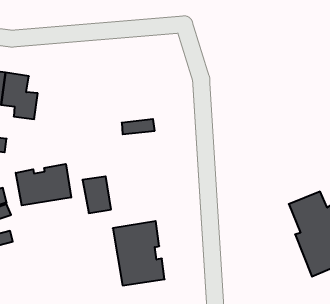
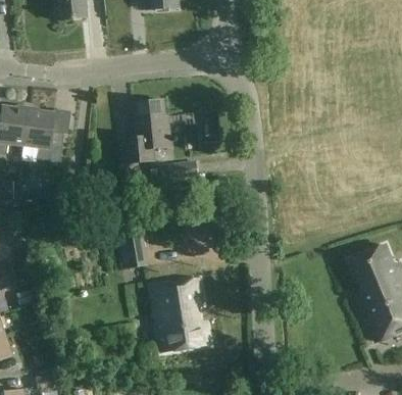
building: none -> [120,99,170,163]
building: [16,164,71,205] -> none

